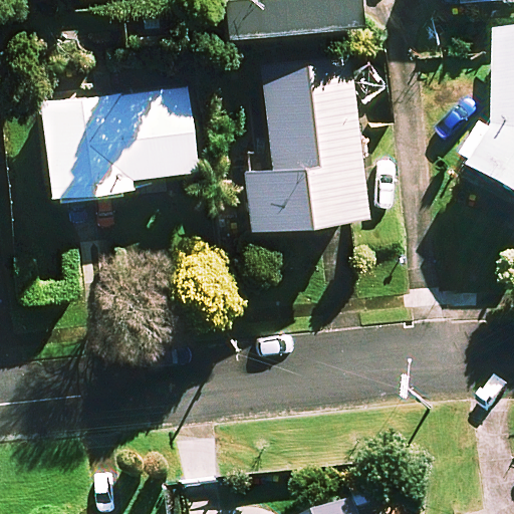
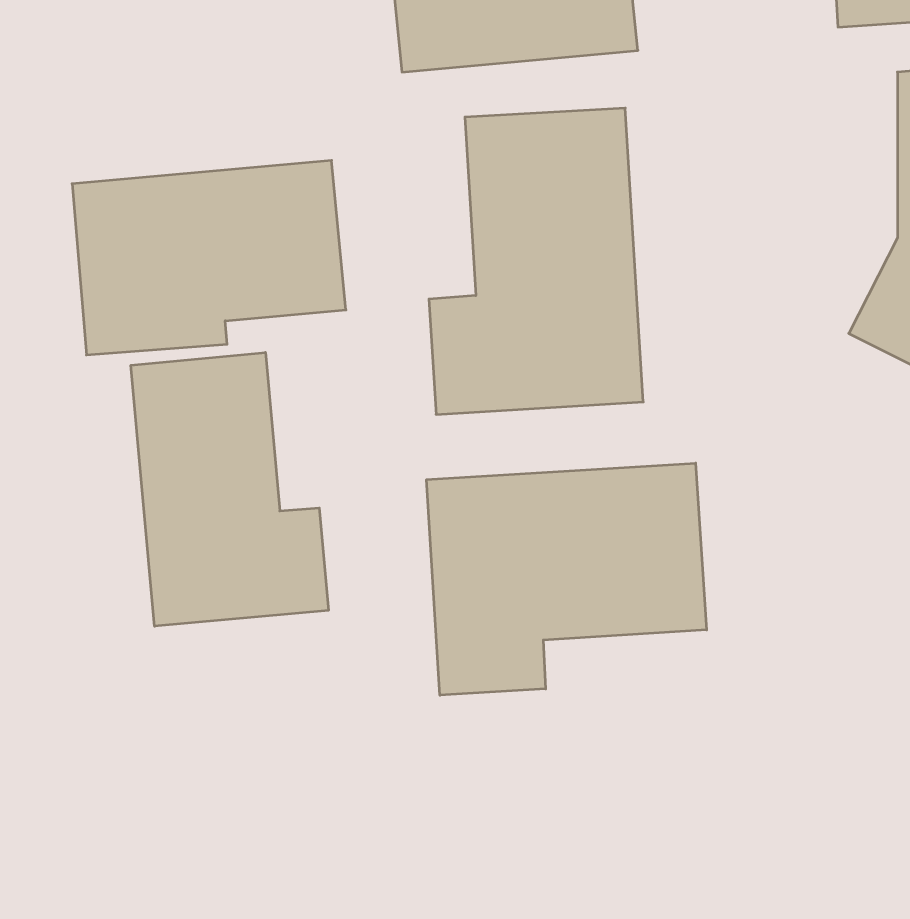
building: none -> [131,352,328,626]
building: none -> [427,463,707,695]

